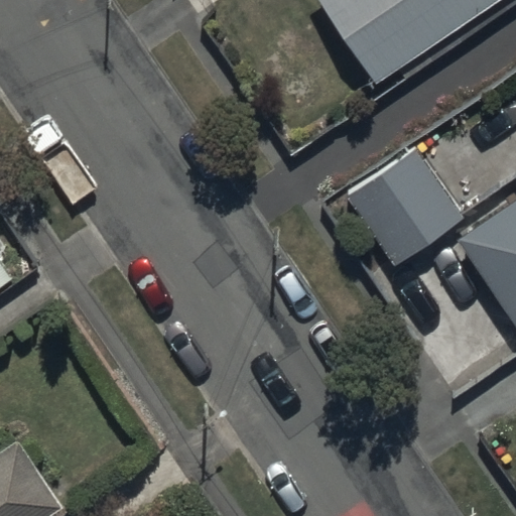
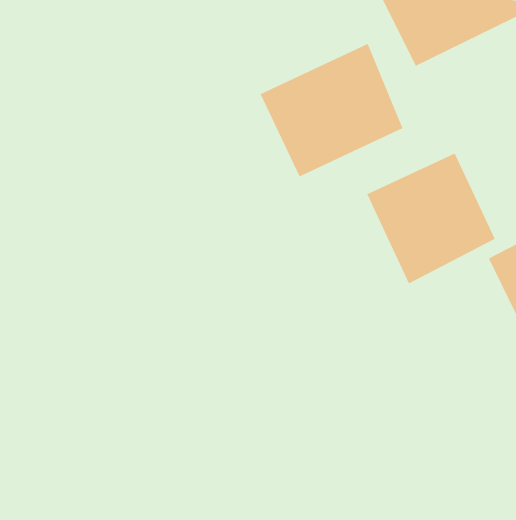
building: none -> [259,43,403,177]

